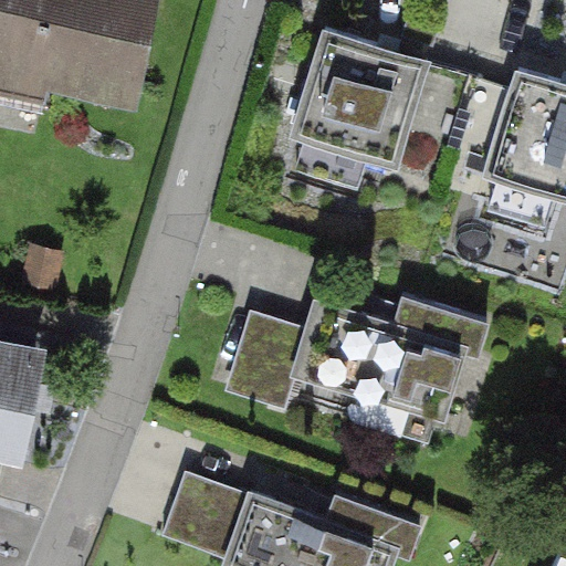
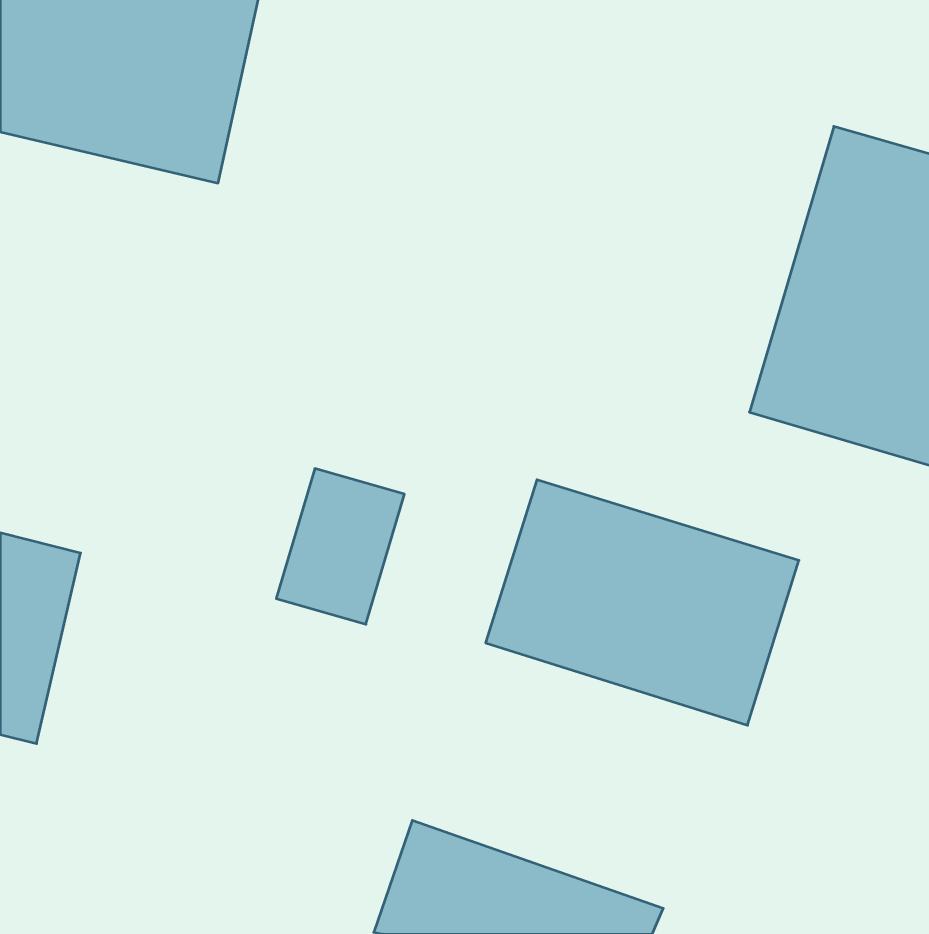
building: [274,25,431,203] -> none
building: [230,313,307,407] -> [276,469,404,624]
building: [168,473,248,557] -> none

